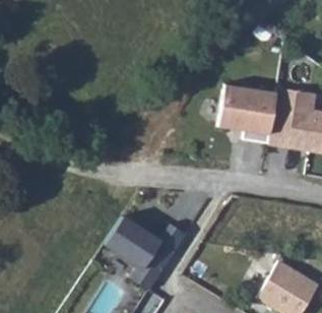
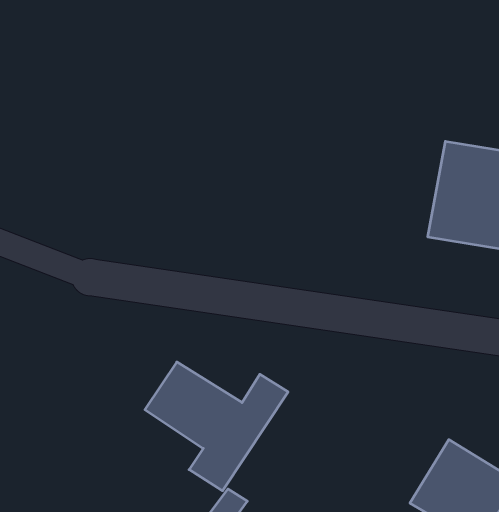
building: [218,85,276,144] -> none

